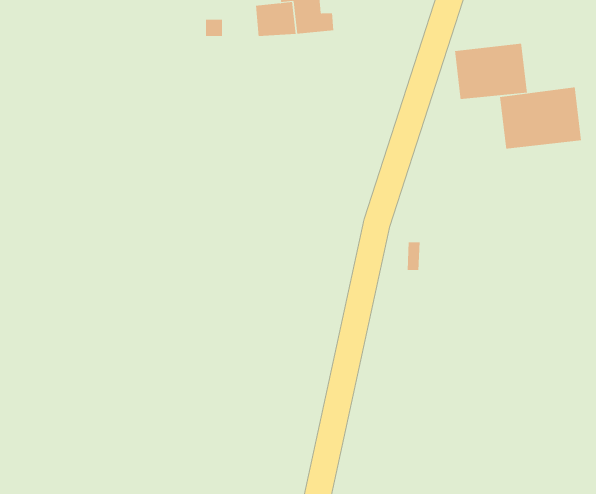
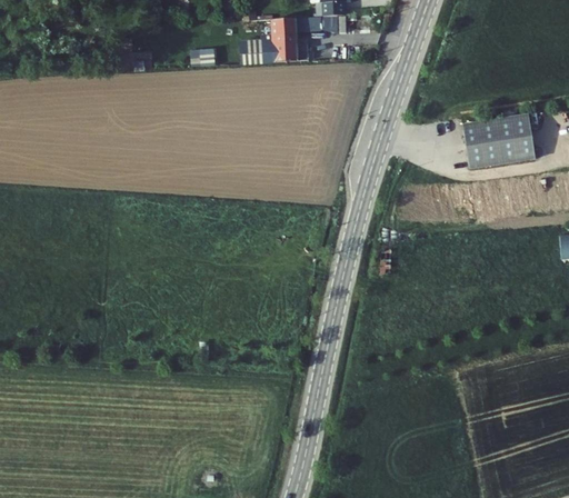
building: [455,43,527,100] -> none

